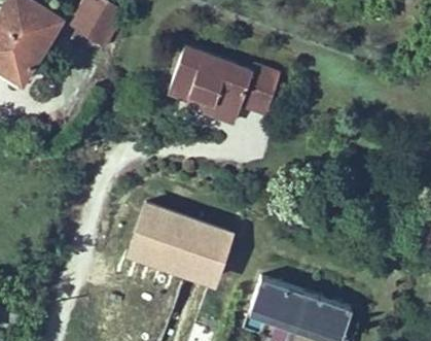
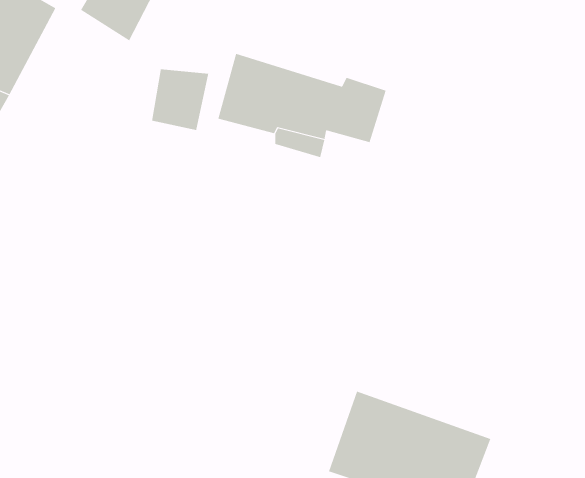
building: none -> [151,69,209,131]
building: [134,210,229,285] -> none

